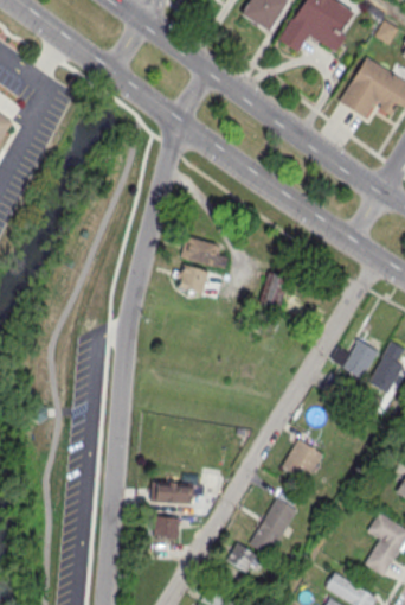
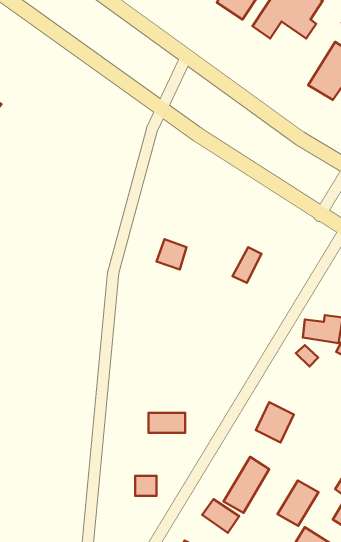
building: [181,237,229,272] -> none
building: [152,482,191,503] -> [148,413,185,433]
building: none -> [278,480,319,526]

